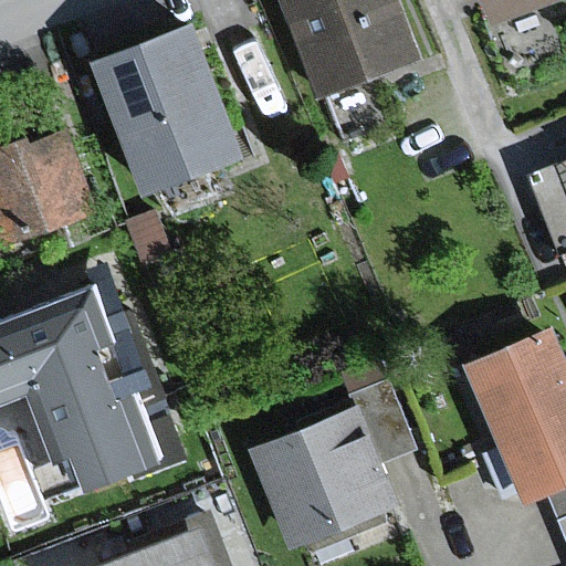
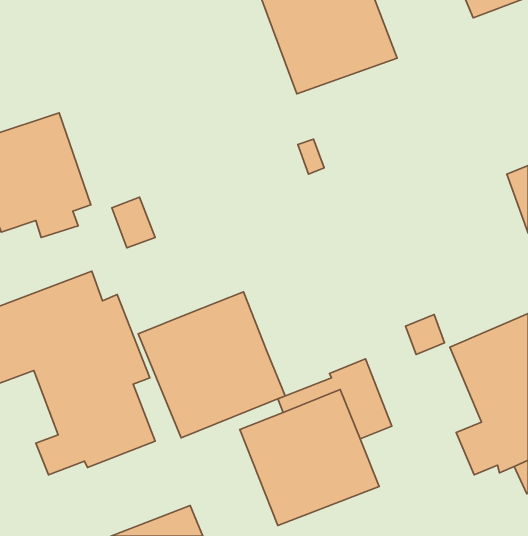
building: [92,23,247,197] -> none
building: none -> [138,292,285,438]

